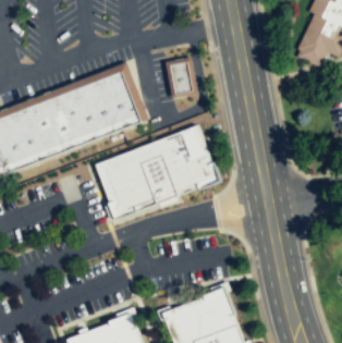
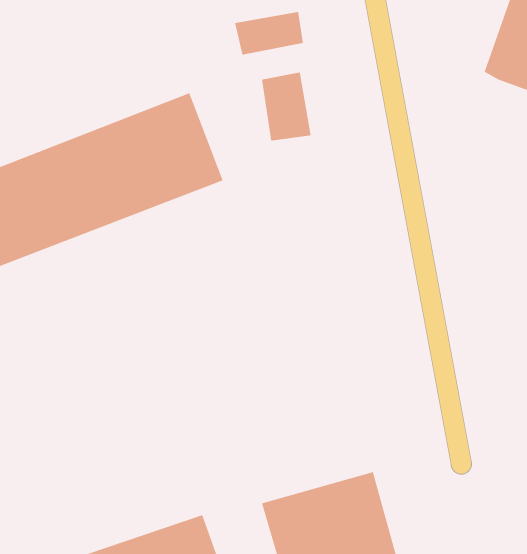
building: none -> [235,11,304,56]
building: [93,126,220,220] -> none

